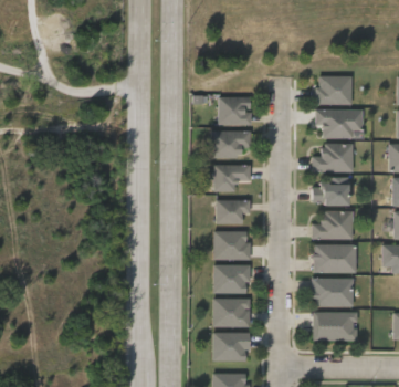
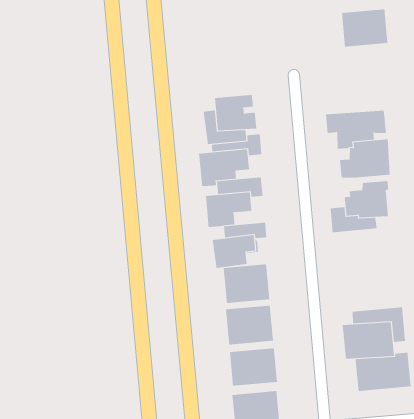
building: [317,76,353,104] -> [341,9,388,47]
building: [314,209,355,238] -> none
building: [314,242,358,271] -> none

